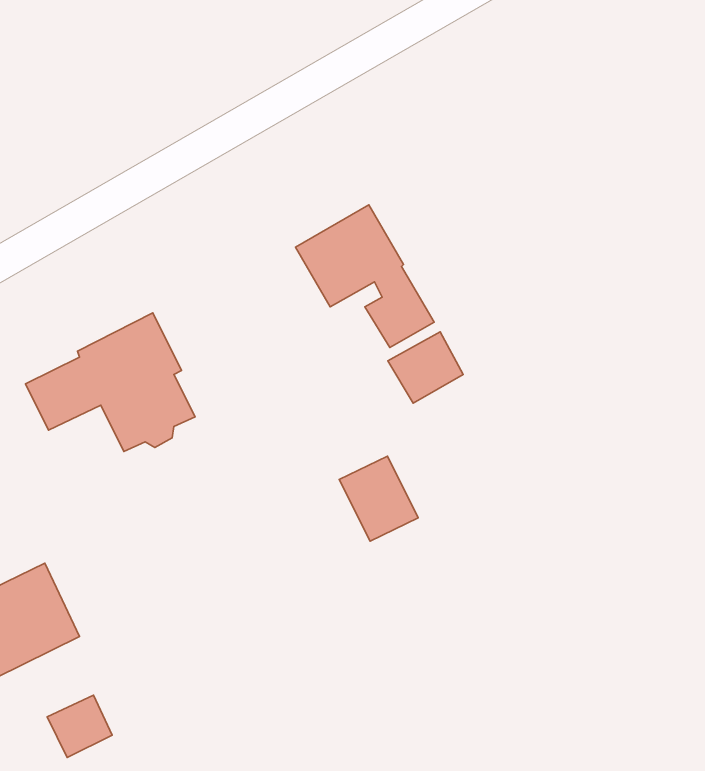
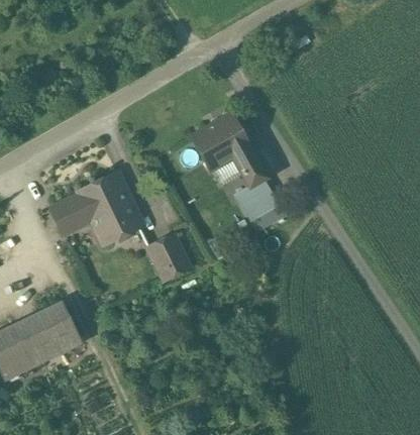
building: [339,456,418,541] -> [147,235,189,280]
building: [47,695,112,757] -> none

